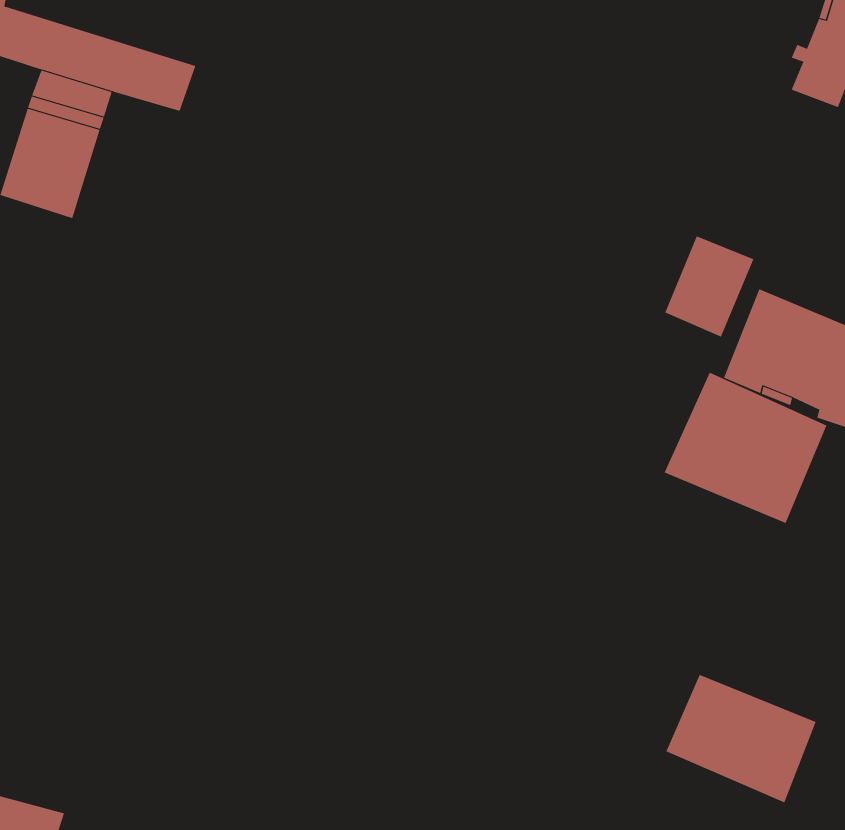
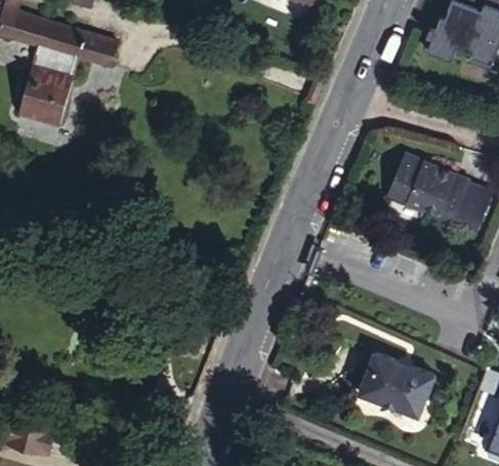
building: [665,236,754,338] -> none
building: [664,372,827,524] -> none

